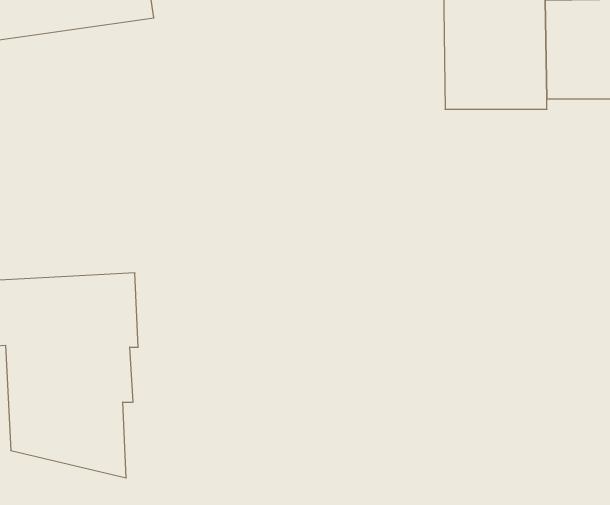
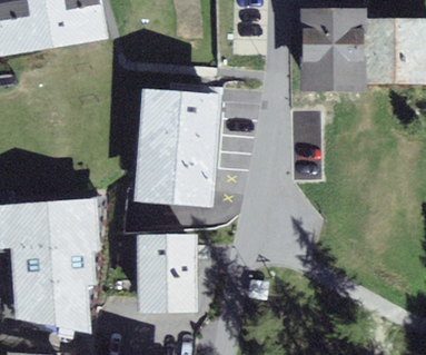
building: none -> [130,83,211,197]
building: none -> [131,226,194,304]

